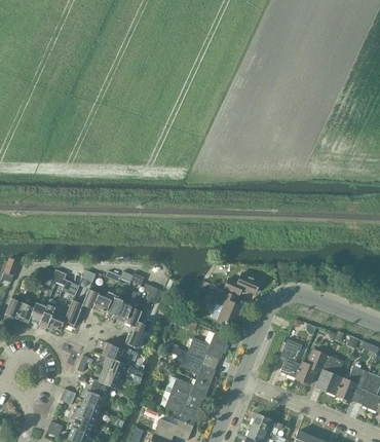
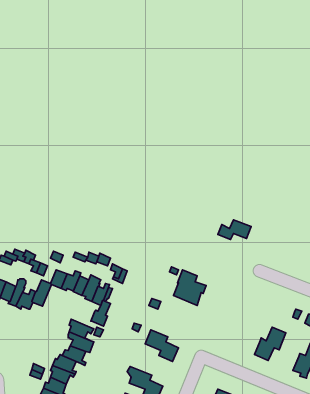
building: [225,273,260,294] -> [218,220,251,239]
building: [187,331,230,360] -> none
building: [280,339,302,378] -> none
building: [315,356,343,395] -> none
building: [165,376,210,400] -> none

